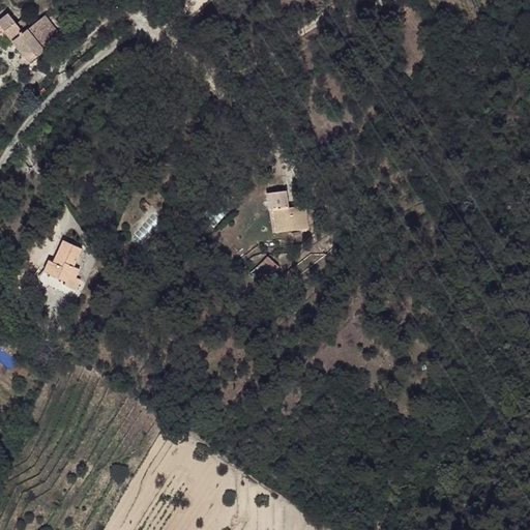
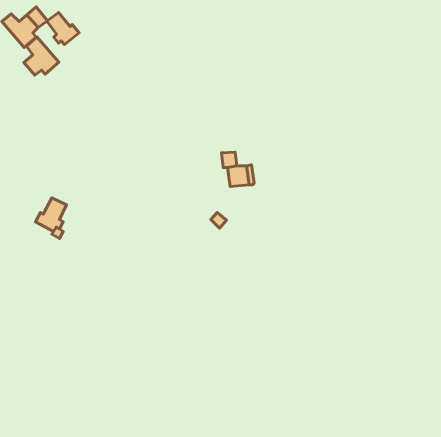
building: none -> [47,13,79,45]
building: none -> [24,37,59,75]

